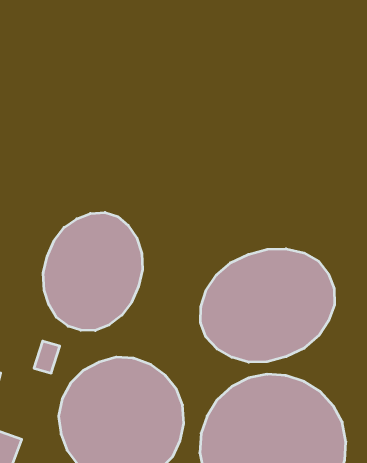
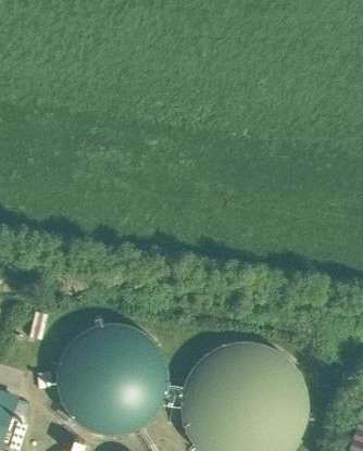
building: [43,212,143,331] -> none
building: [201,249,334,362] -> none

